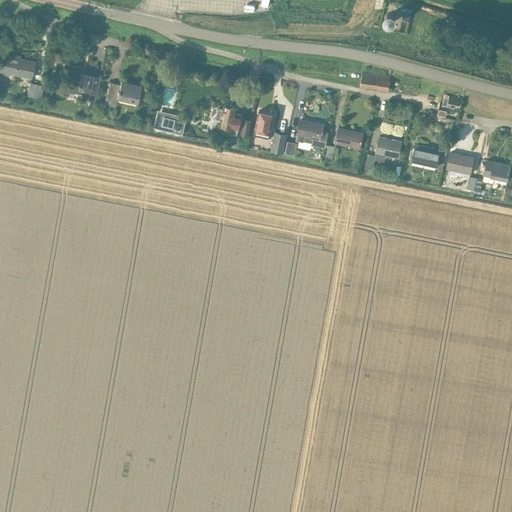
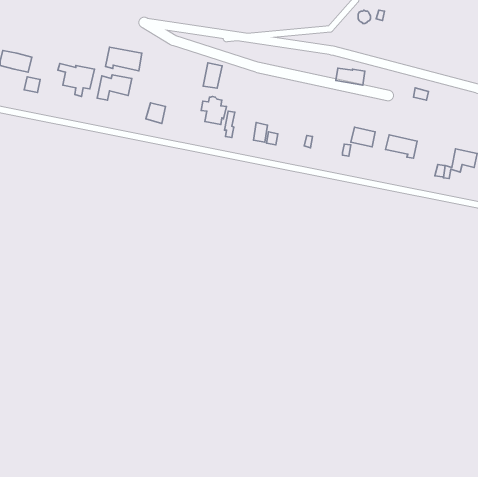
building: none -> [105,47,142,71]
building: [253,111,273,138] -> [203,63,222,88]
building: [296,120,329,149] -> none
building: [335,128,363,149] -> none
building: [446,153,472,174] -> none

